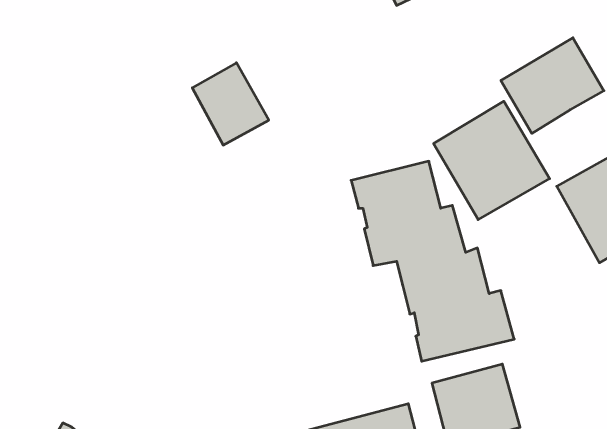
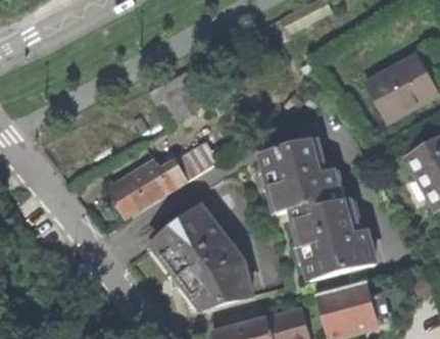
building: [434,101,550,220] -> none
building: none -> [110,148,219,215]
building: none -> [154,207,252,307]

